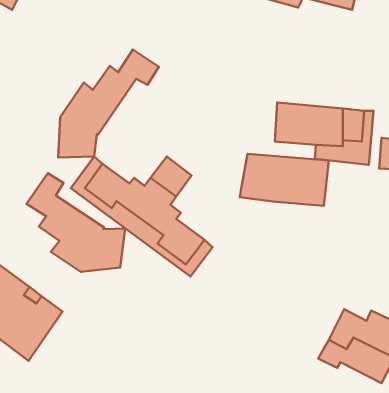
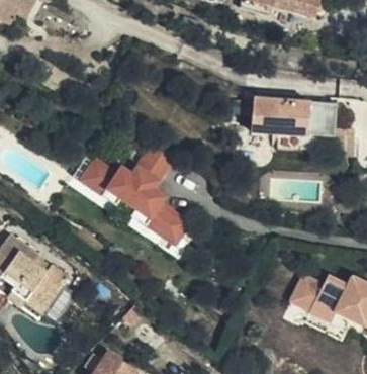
building: [58,50,159,158] -> none
building: [240,154,329,206] -> none
building: [27,173,125,272] -> none

